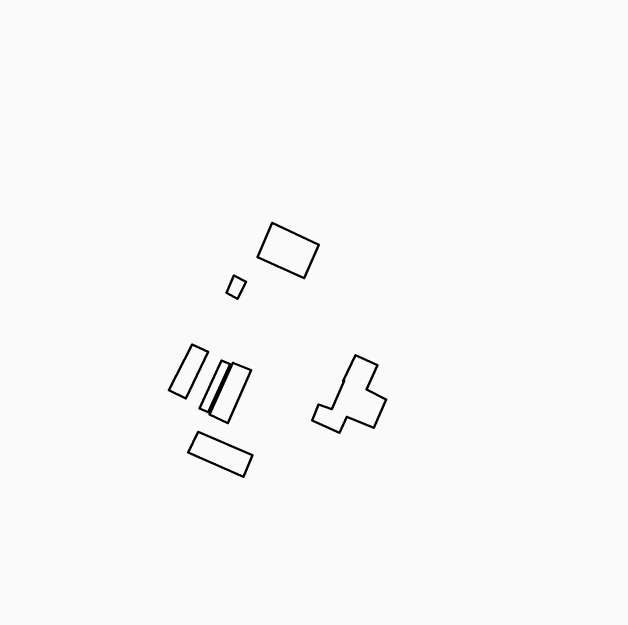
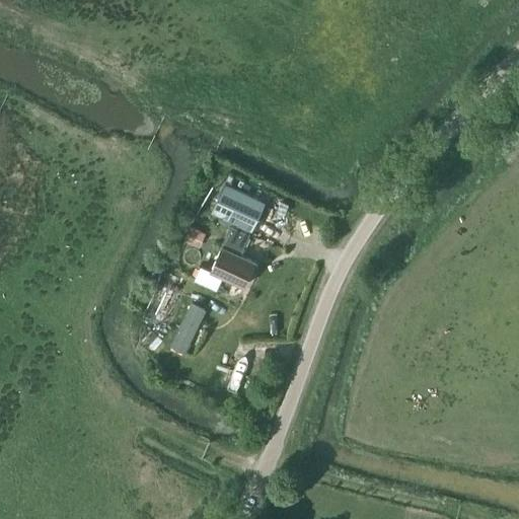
building: [312,355,386,433] -> [196,228,256,292]
building: [188,432,252,477] -> none

